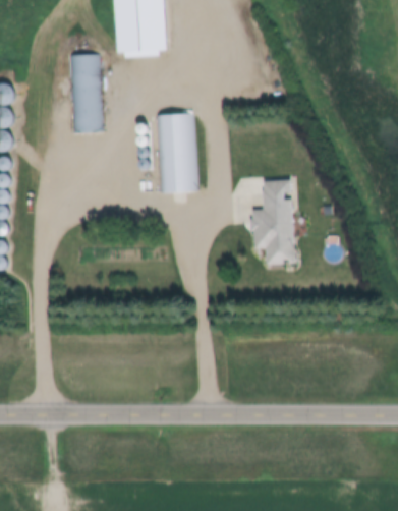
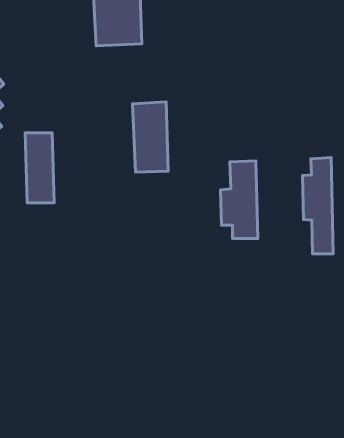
building: [71,55,103,131] -> [25,133,54,203]
building: none -> [303,158,333,254]

